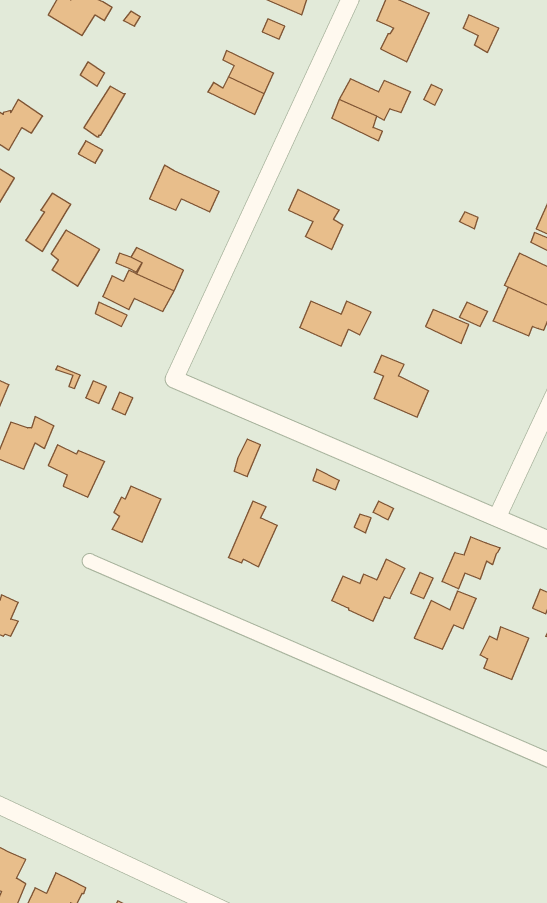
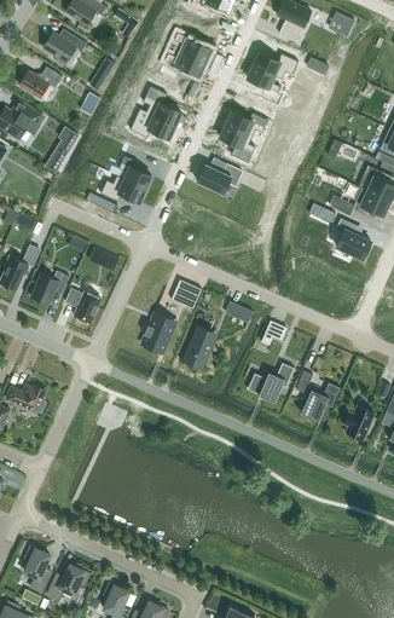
building: none -> [42,29,87,67]
building: none -> [143,87,181,126]
building: none -> [226,112,268,138]
building: [51,230,99,286] -> none
building: [300,301,371,346] -> [197,164,243,194]
building: [374,355,429,417] -> [336,219,371,259]
building: [112,486,161,542] -> [143,317,174,353]
building: [442,537,500,589] -> none

